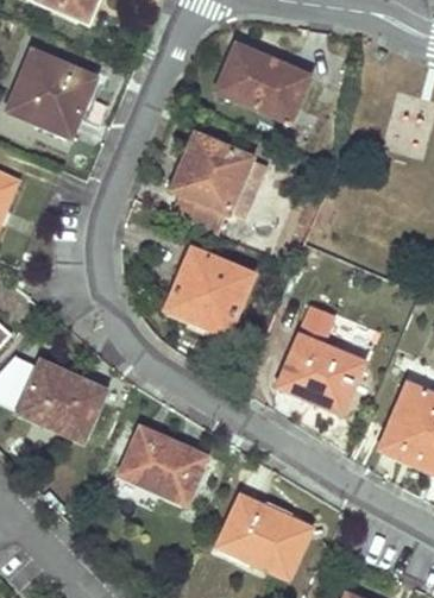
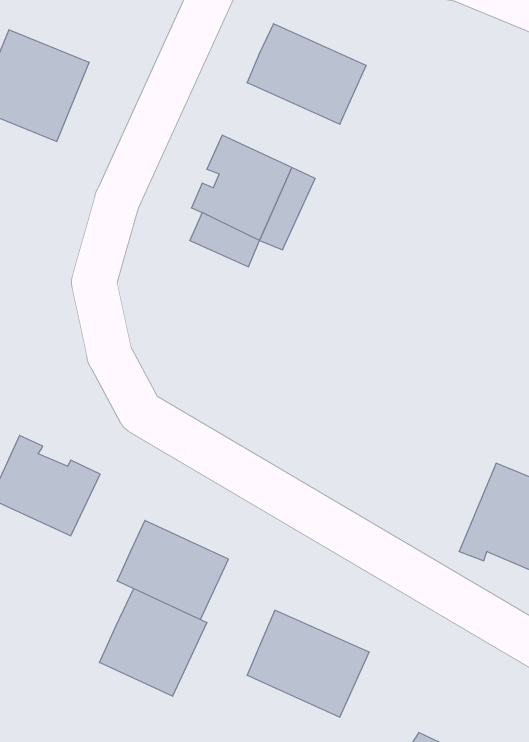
building: [168,247,252,333] -> none
building: [279,308,366,411] -> none
building: none -> [100,589,207,696]

